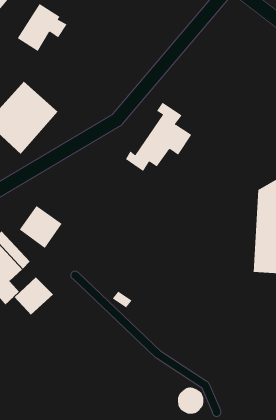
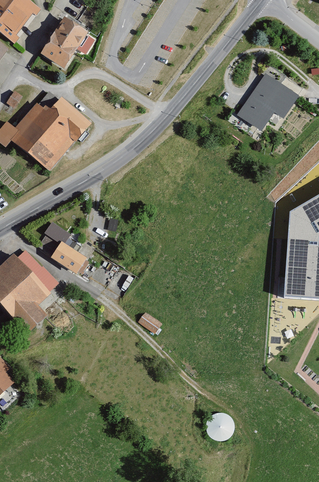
building: [125,102,192,172] -> [228,62,297,134]
building: [14,276,54,315] -> none

